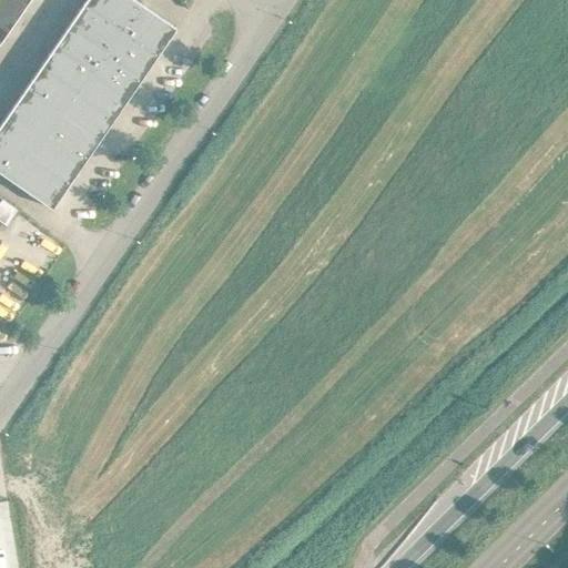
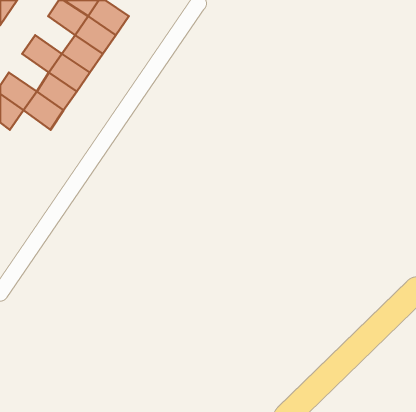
building: [49,29,103,80] -> none
building: [13,80,68,131] -> none
building: [14,156,70,209] -> none

